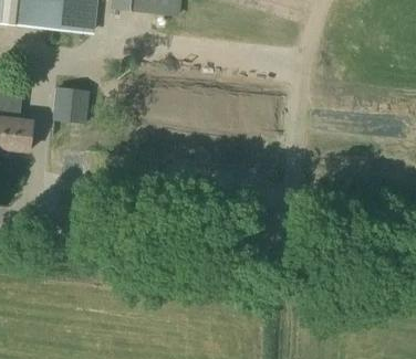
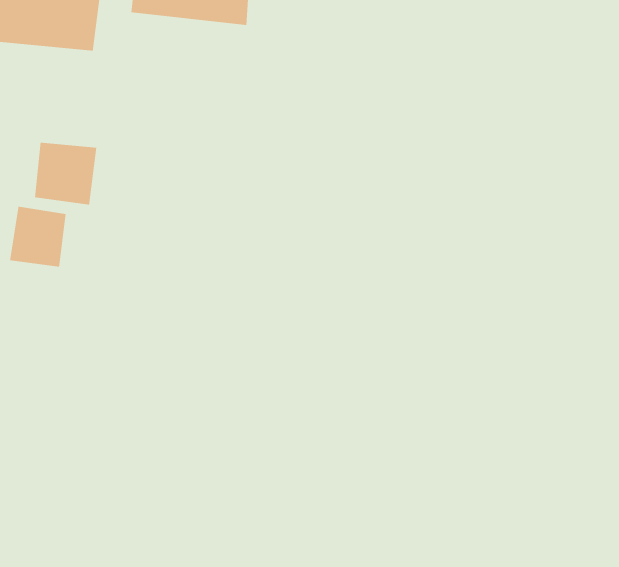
building: none -> [10,206,66,267]

